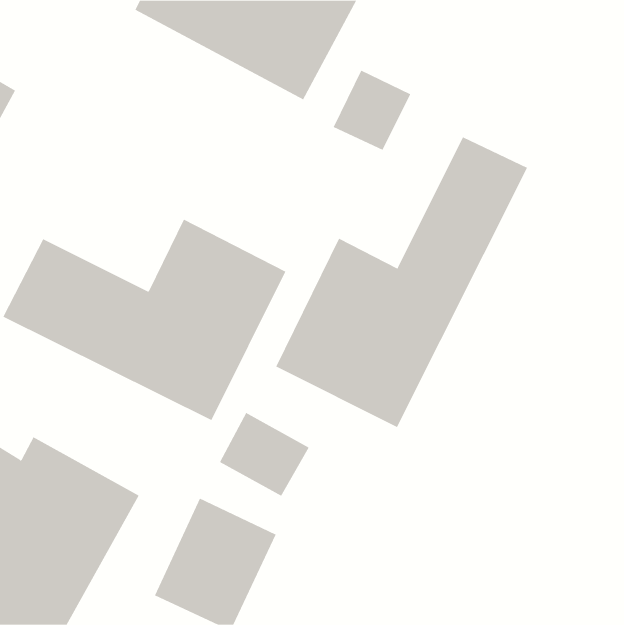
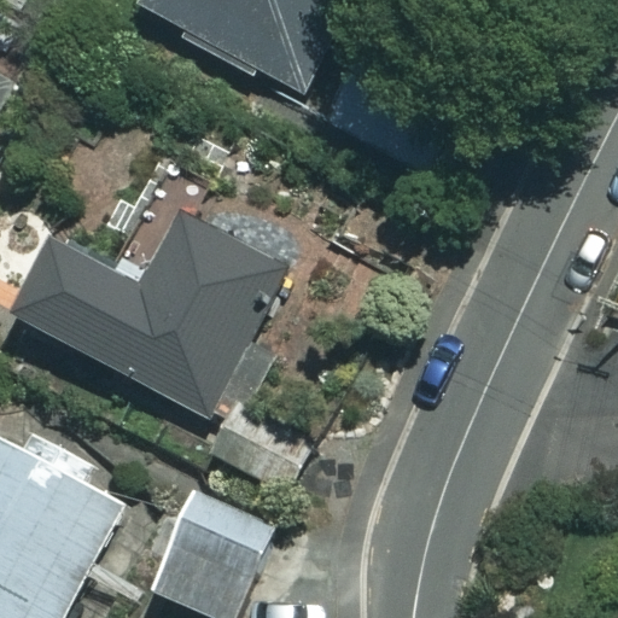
building: [275,137,528,428] -> none

